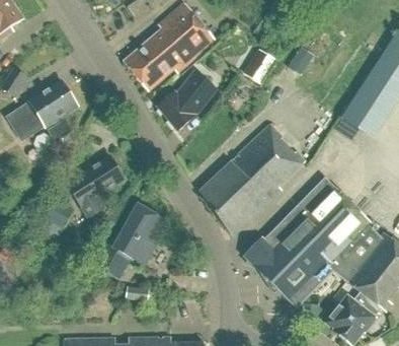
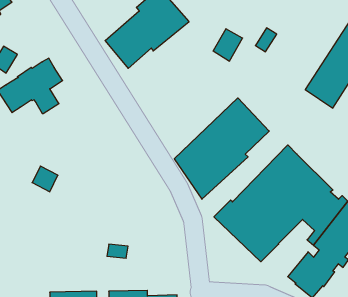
building: [157,73,214,130] -> none
building: [68,155,125,218] -> none
building: [93,205,167,277] -> none

